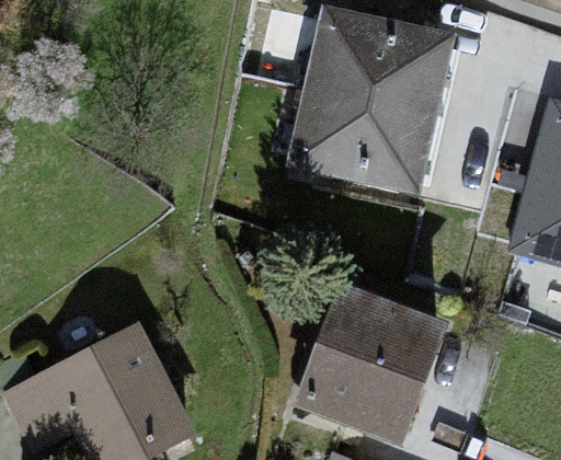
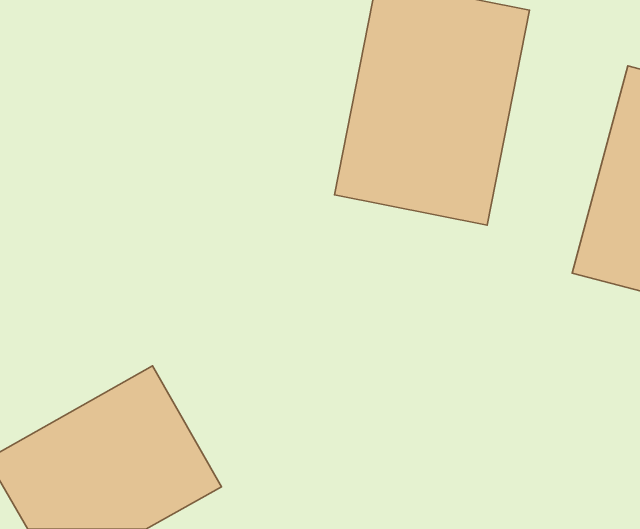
building: [296,297,463,445] -> none

